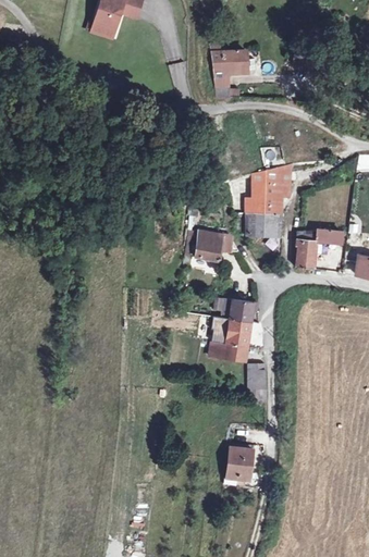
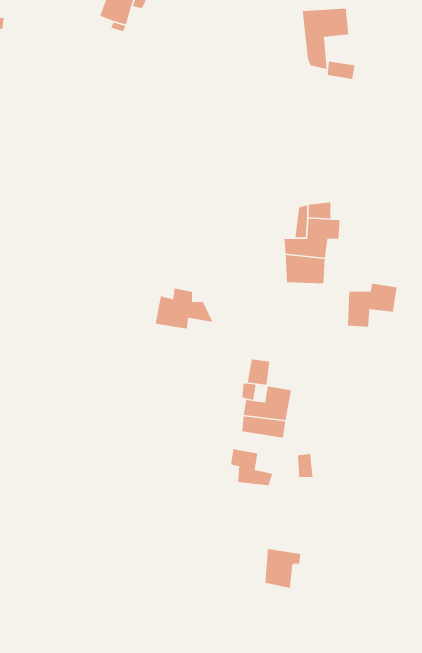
building: [210,51,248,101] -> [302,8,349,70]
building: [192,224,239,258] -> [155,288,214,329]
building: [231,298,260,321] -> none
building: none -> [230,448,273,486]

